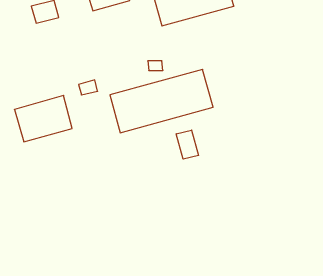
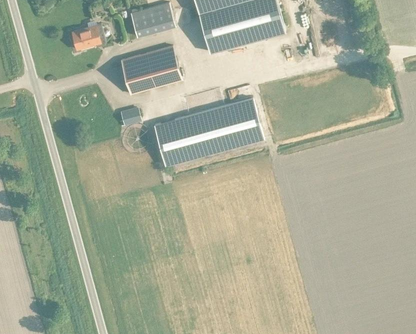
building: [14,95,72,142] -> [120,45,181,94]
building: [176,130,199,159] -> none

